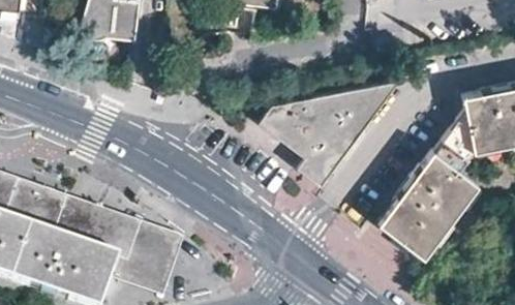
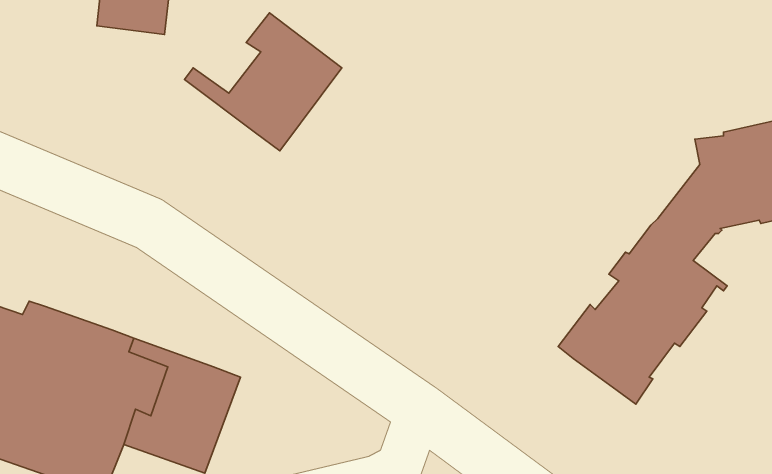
building: none -> [184,13,342,151]
building: [259,78,399,182] -> none

